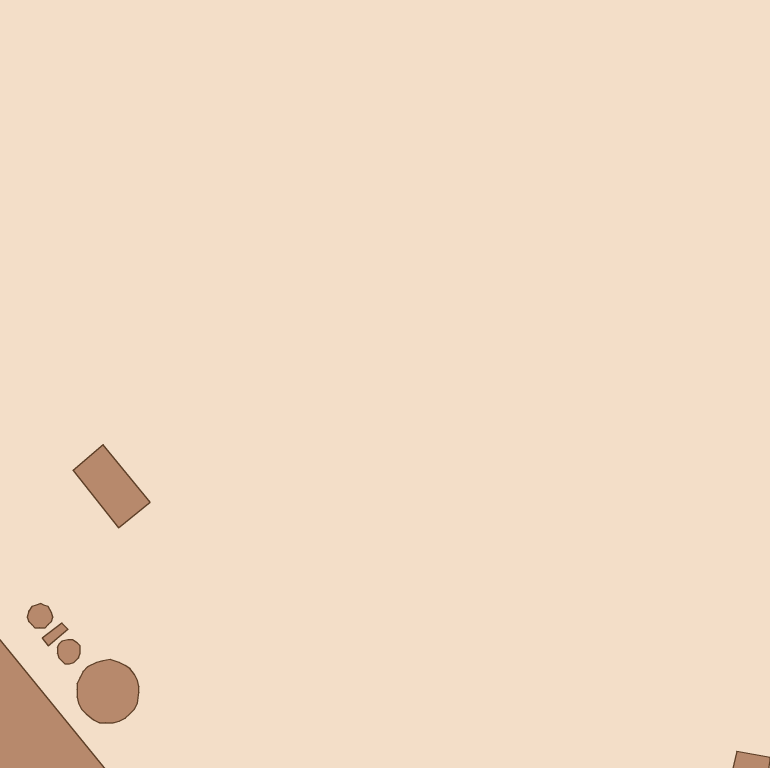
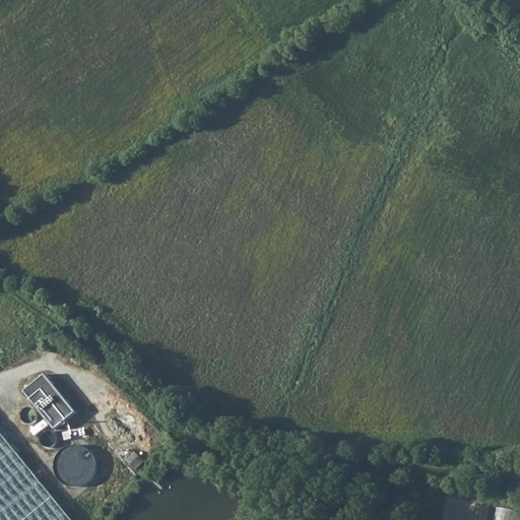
building: [73,445,150,528] -> [23,375,75,431]

